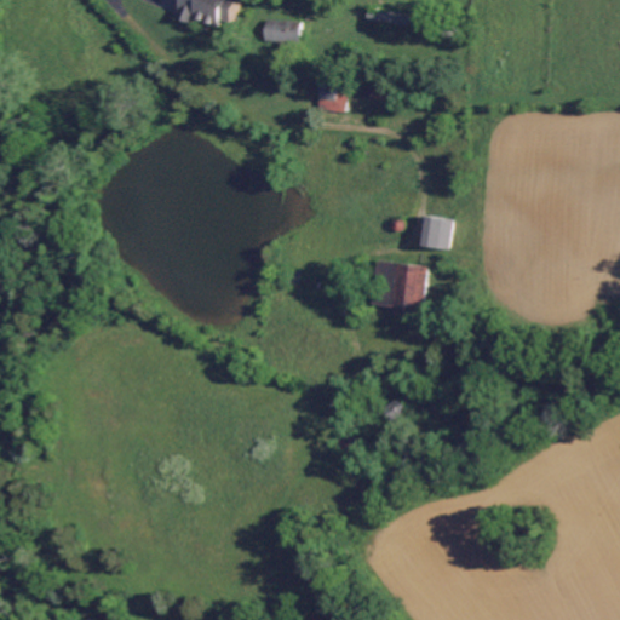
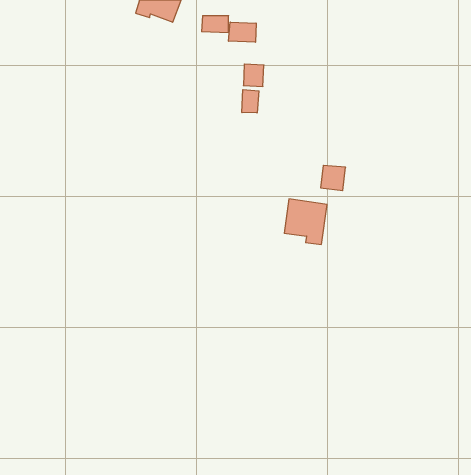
building: none -> [229,22,256,42]
building: none -> [242,90,259,113]

